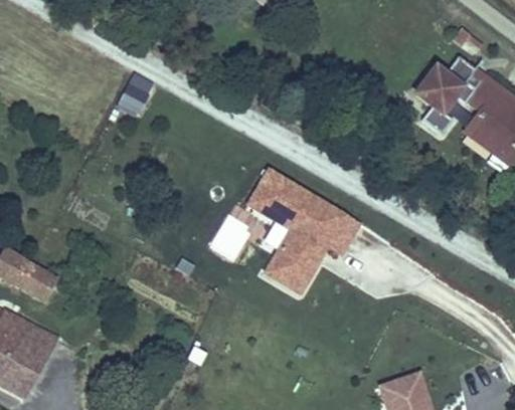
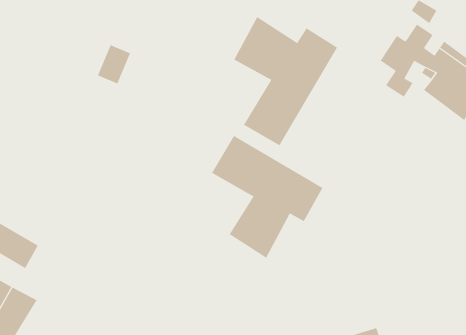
building: none -> [234,16,338,146]

